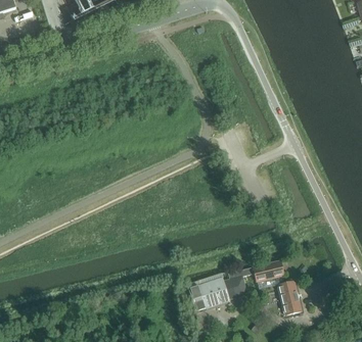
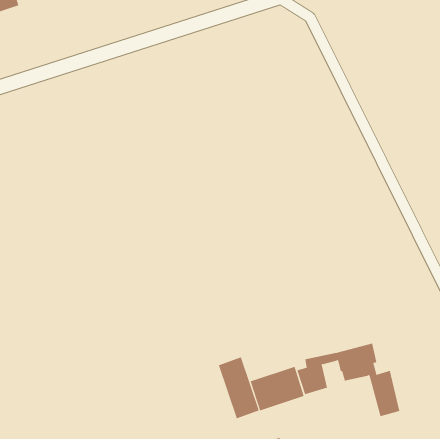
building: none -> [218,356,259,419]

